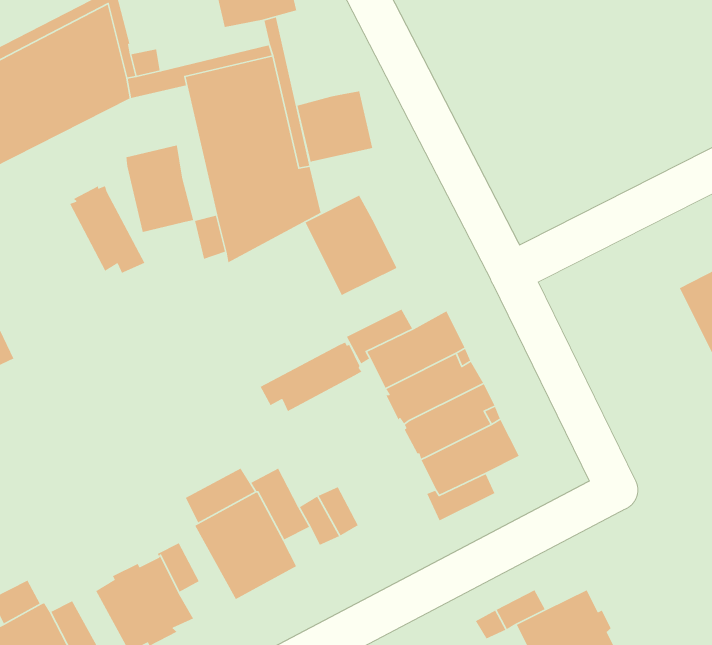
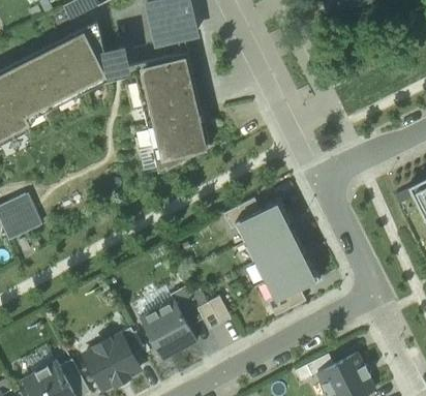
building: [296,90,373,163] -> none
building: [125,145,194,233] -> none
building: [69,185,145,274] -> none
building: [305,195,397,296] -> none
building: [260,342,363,412] -> none

